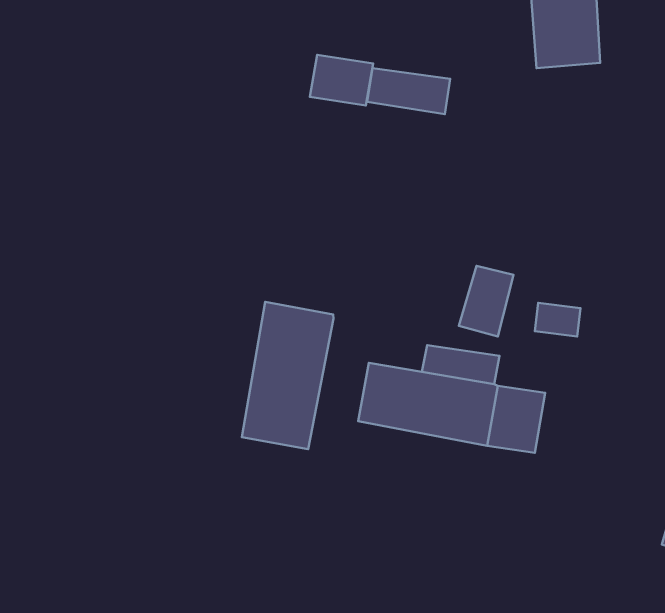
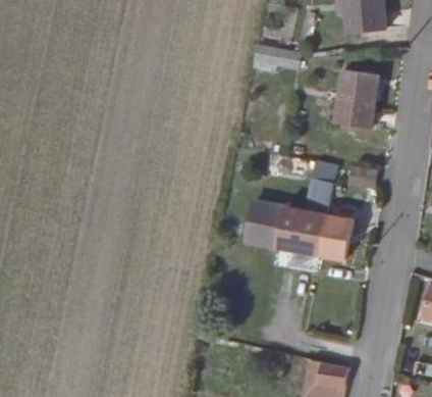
building: [310,55,373,105] -> none
building: none -> [335,83,380,142]
building: [242,302,334,449] -> none

